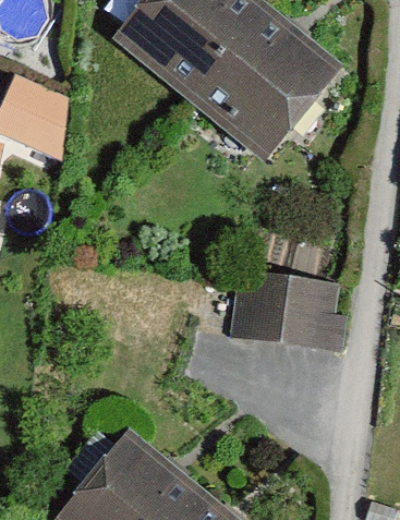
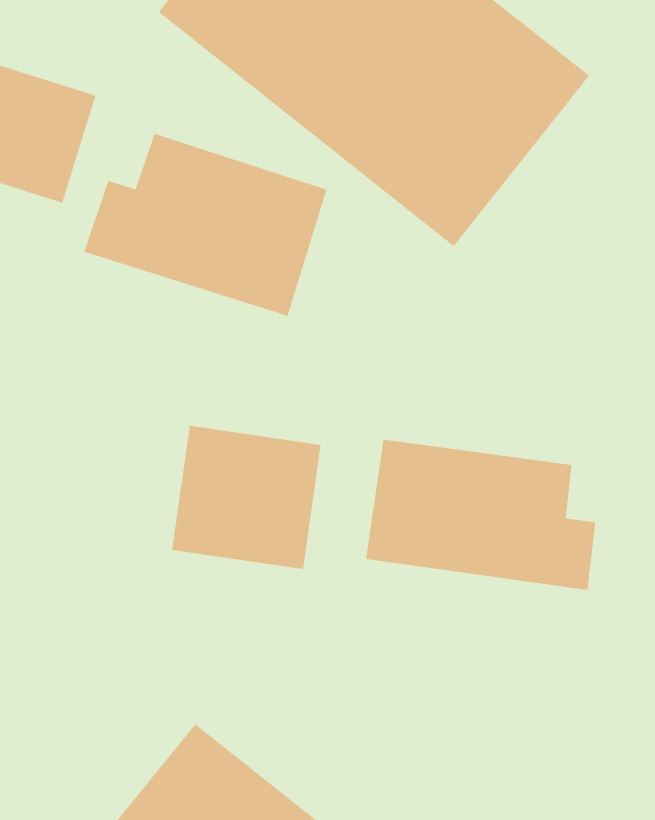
building: none -> [83,133,328,317]
building: none -> [171,425,322,570]

